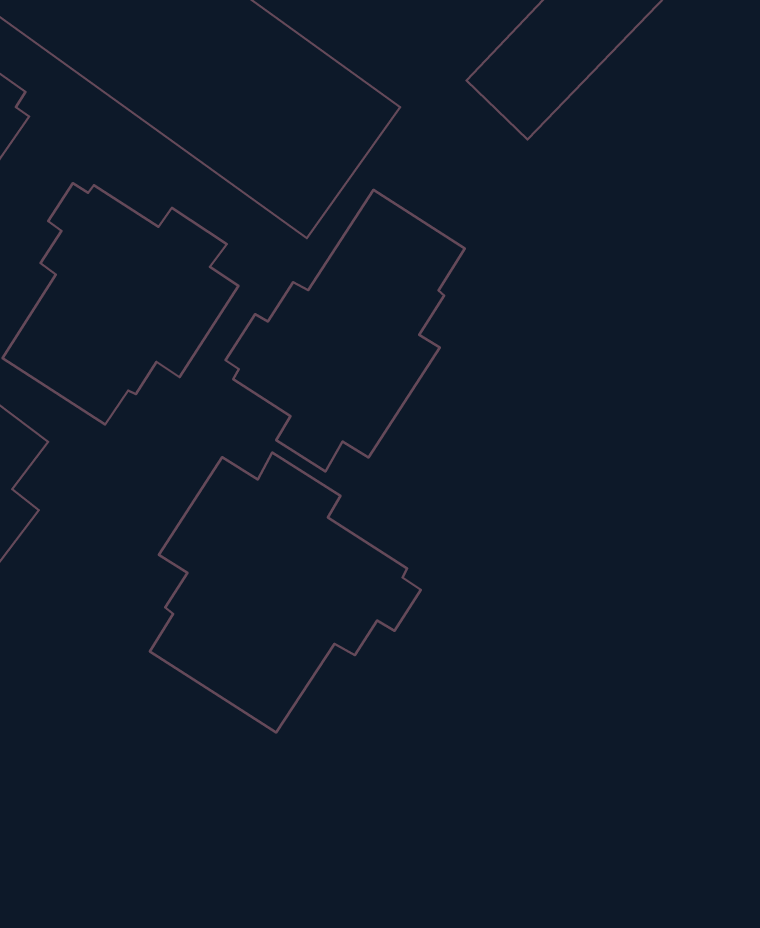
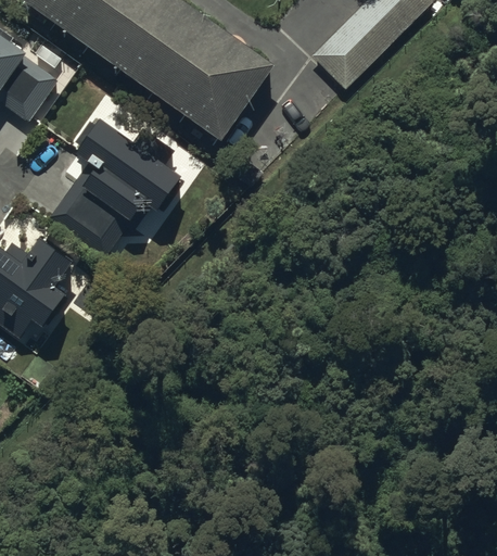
building: [226,190,465,471] -> none
building: [150,453,421,733] -> none

